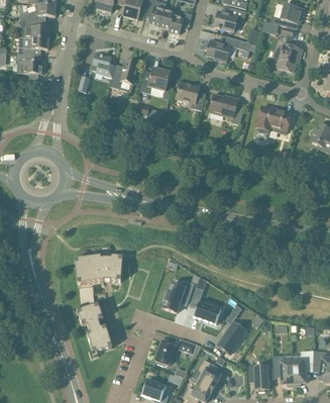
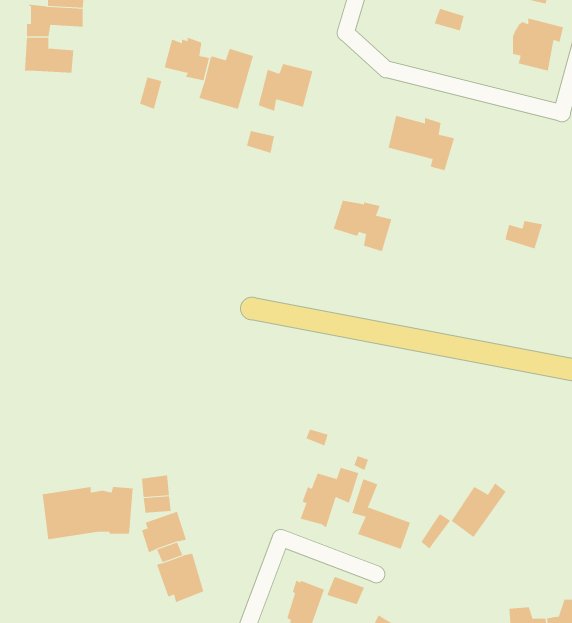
building: [205,39,230,62] -> none
building: [175,83,206,110] -> [333,200,392,252]
building: [254,107,291,139] -> none
building: [75,256,123,284] -> [42,486,134,540]
building: [217,325,246,355] -> [451,482,506,538]

